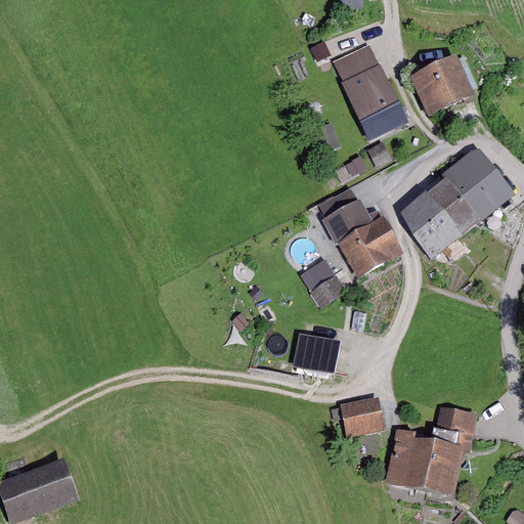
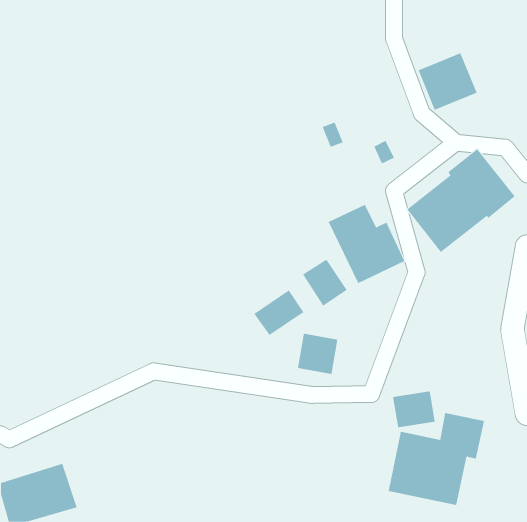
building: [333,45,404,139] -> none
building: none -> [254,289,304,336]
building: [343,399,386,436] -> [392,391,436,428]

